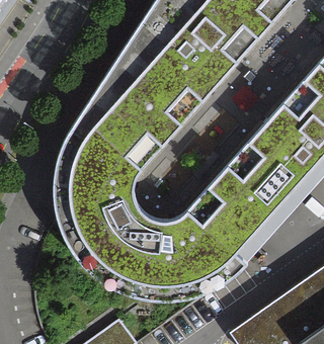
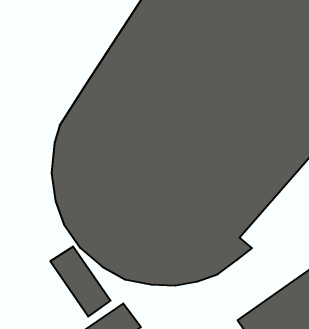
building: none -> [50,246,111,317]

